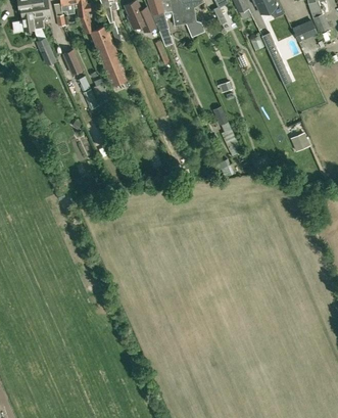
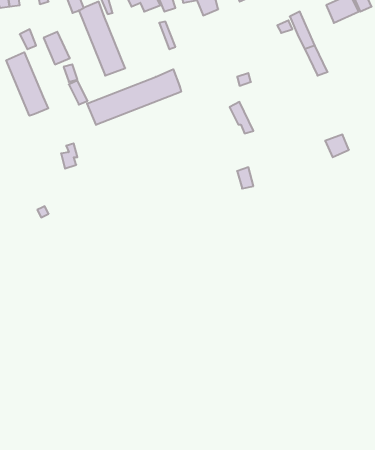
building: none -> [6,52,48,116]
building: none -> [87,69,181,125]

